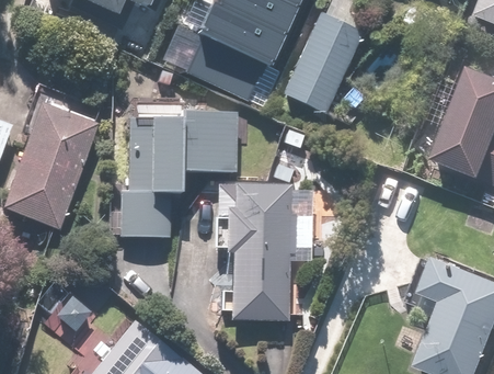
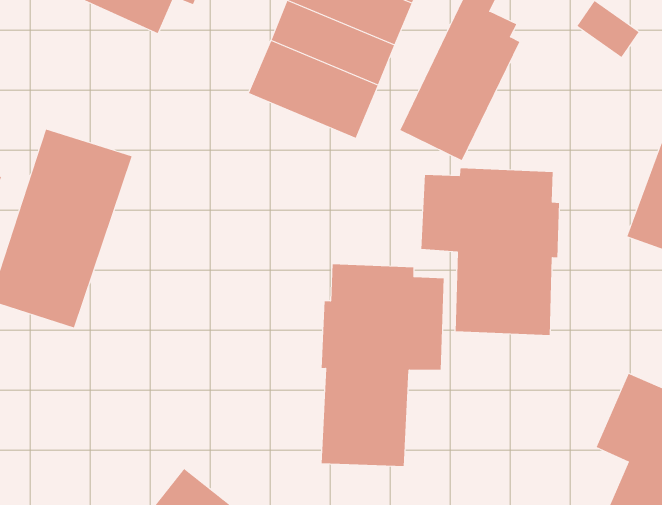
building: [117,109,240,240] -> none
building: none -> [421,167,559,336]

